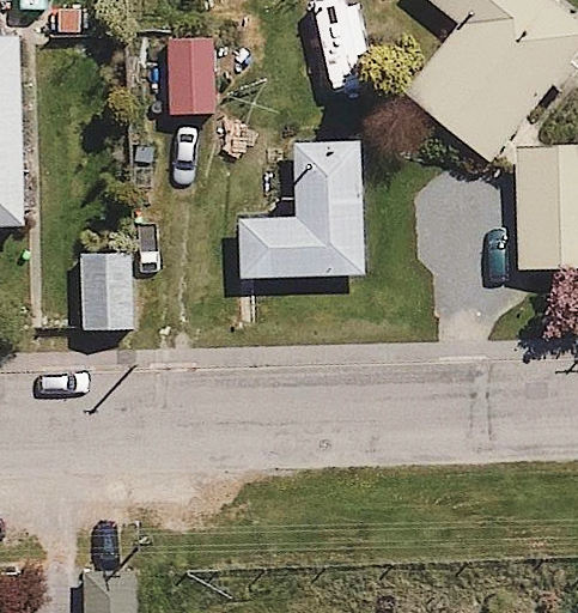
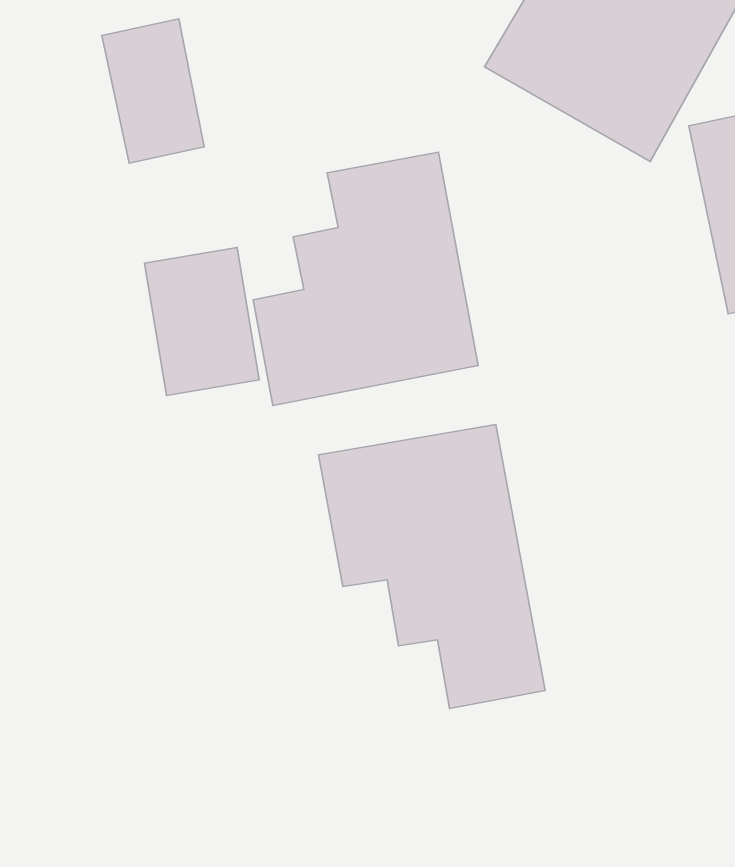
building: [78,249,136,333] -> [144,248,259,396]
building: none -> [319,425,545,708]

